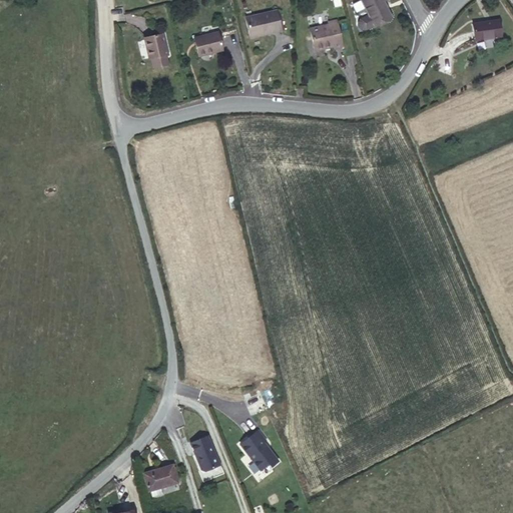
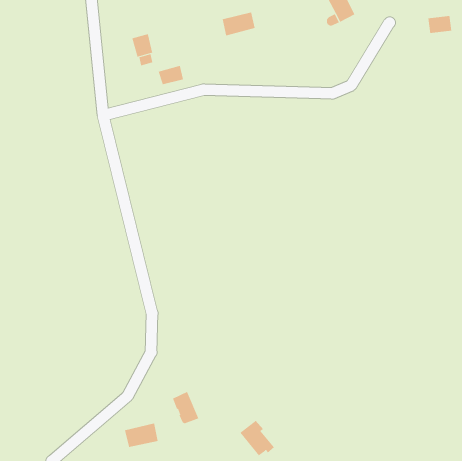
building: [312,18,344,49] -> none
building: [195,34,224,56] -> [158,65,184,85]
building: [239,428,279,468] -> [239,420,275,456]

